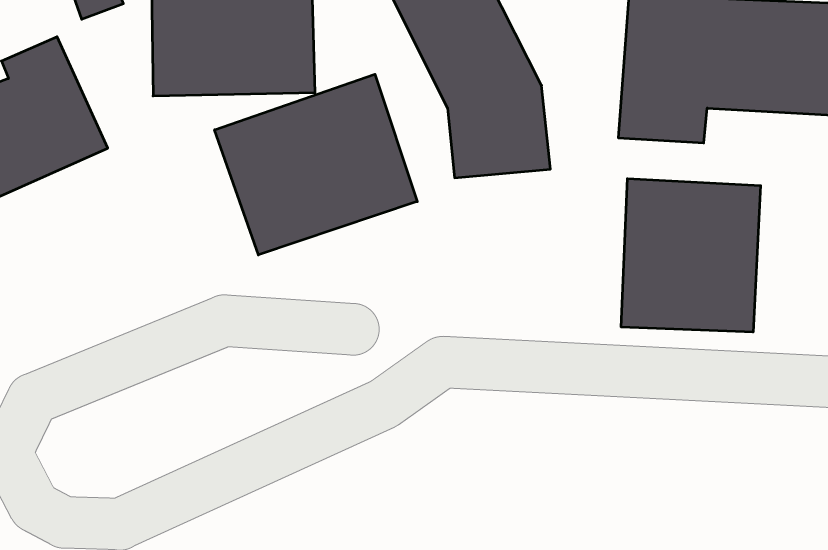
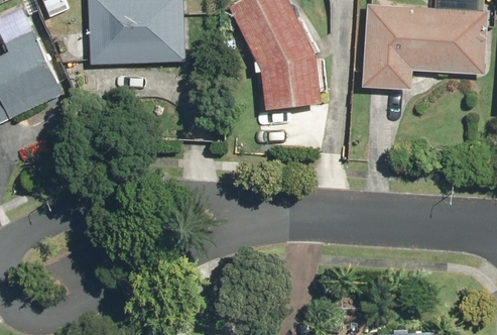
building: [215,74,417,255] -> none
building: [621,179,761,332] -> none

